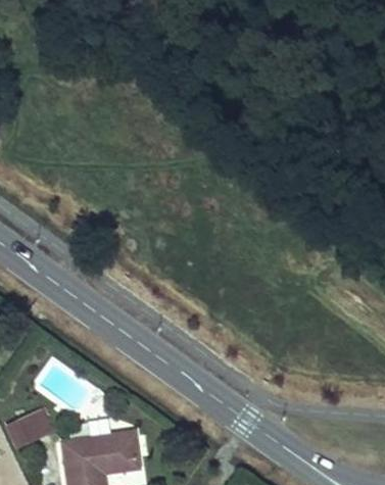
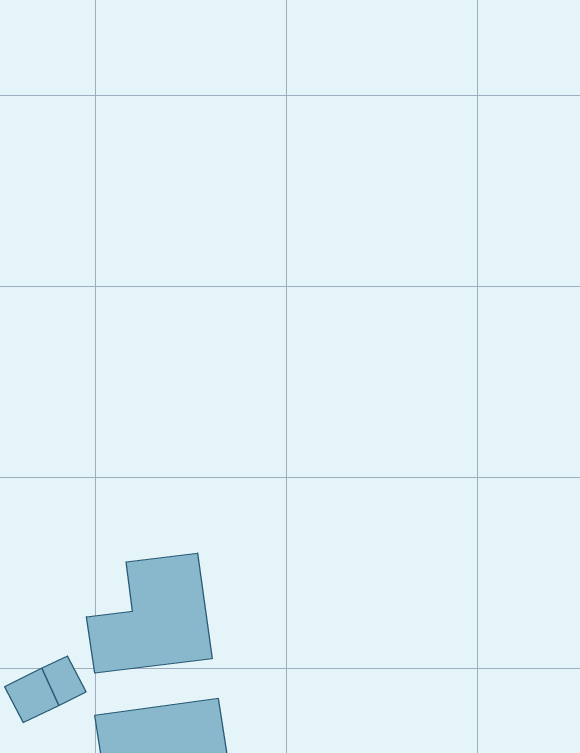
building: none -> [87,553,212,673]

